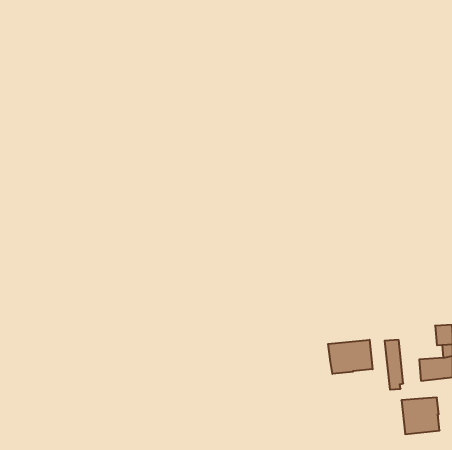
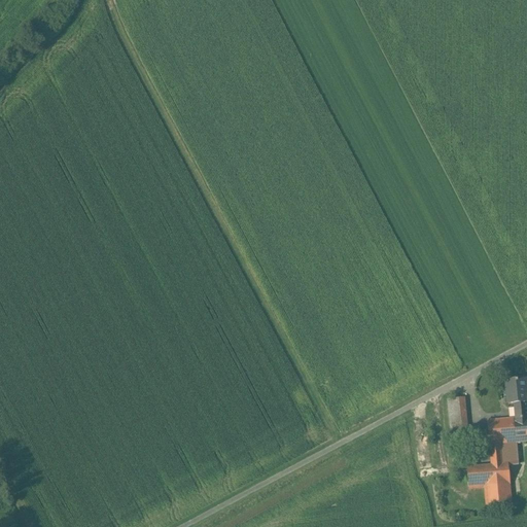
building: [328,340,373,374] -> none
building: none -> [490,438,519,462]

